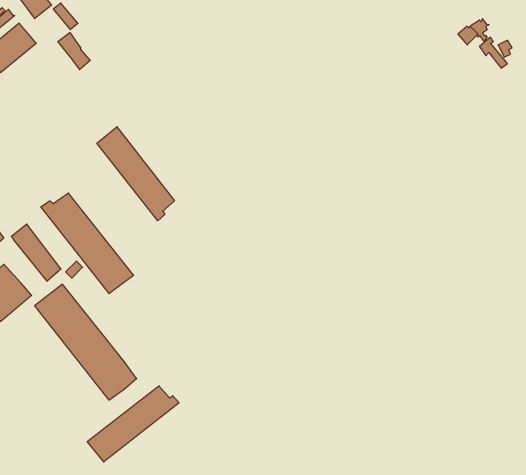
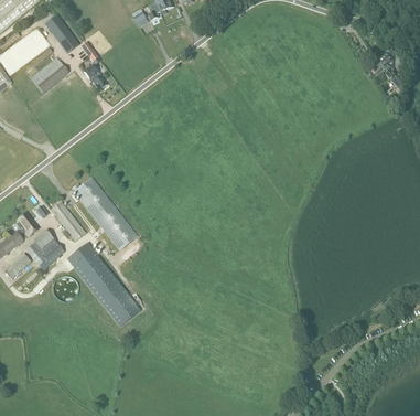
building: [97,127,174,221] -> none
building: [87,386,179,462] -> none

